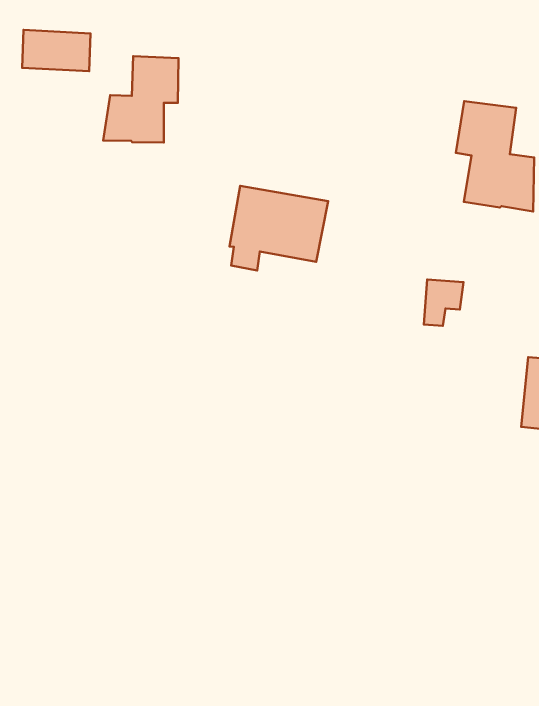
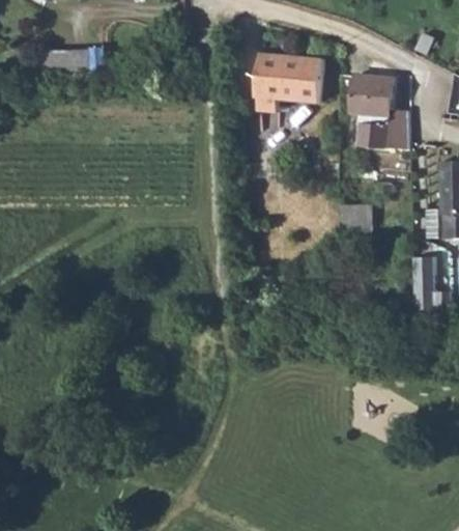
building: [103,56,178,143] -> none
building: [230,186,328,270] -> [255,53,322,112]

